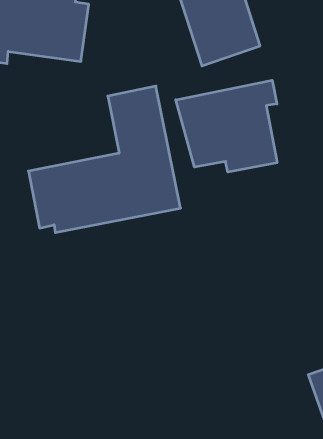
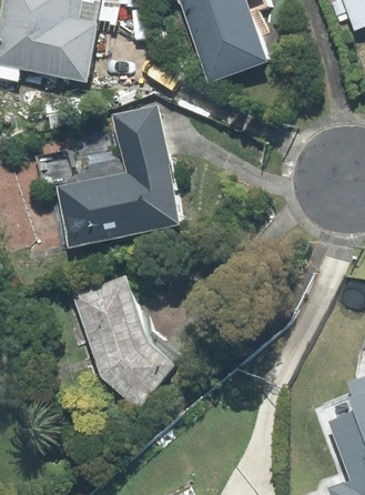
building: [176,80,277,172] -> none
building: none -> [71,275,181,400]

